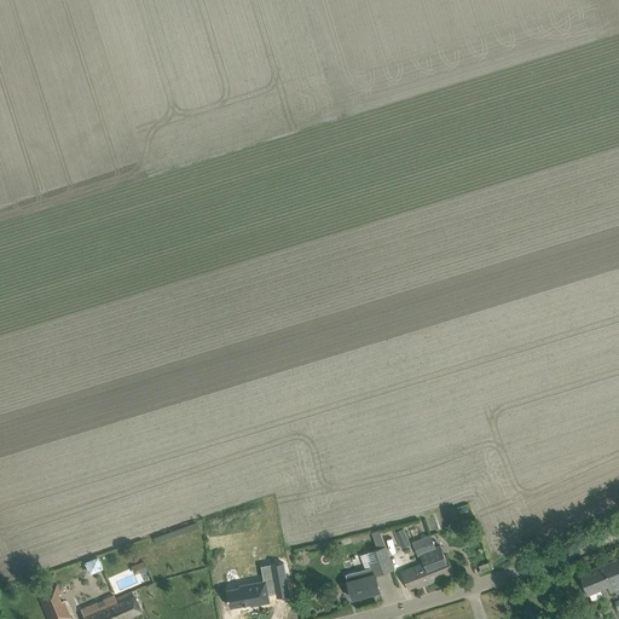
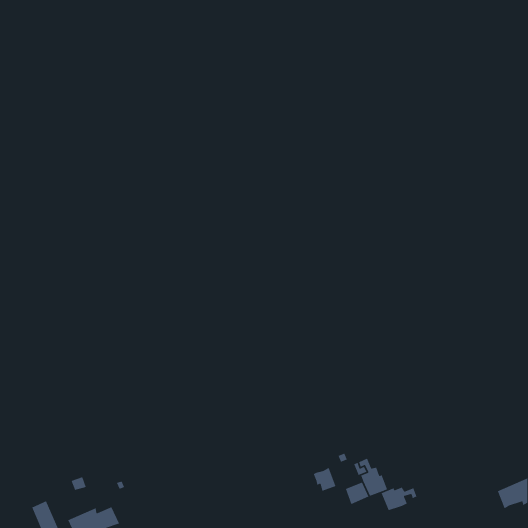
building: [226,563,287,608] -> none
building: [345,567,380,600] -> none
building: none -> [381,486,417,511]

